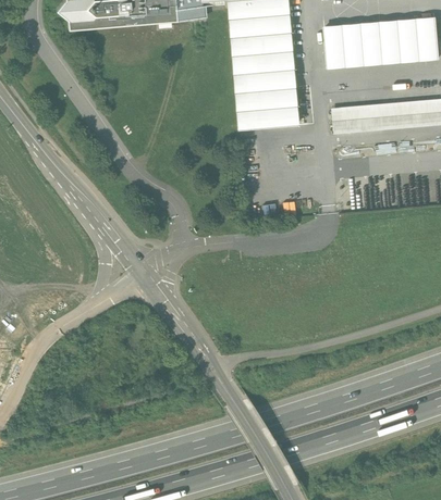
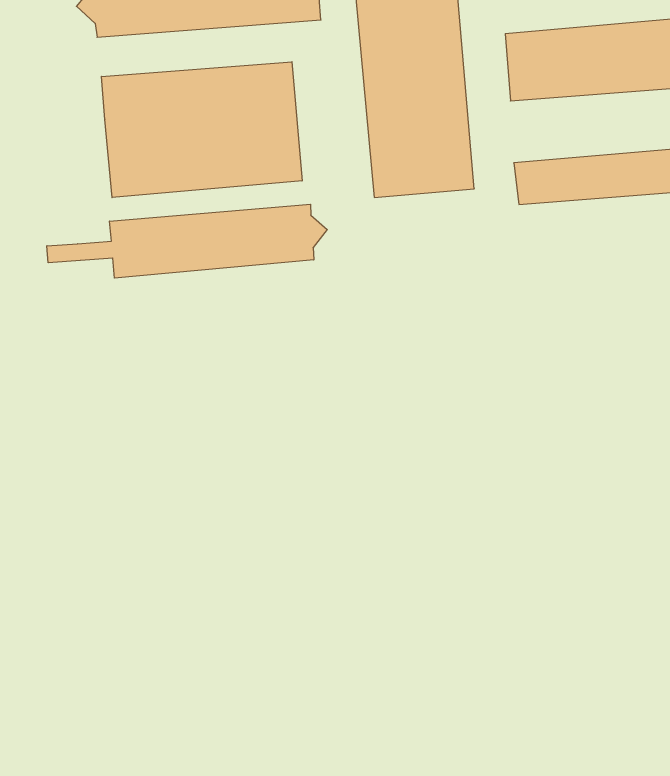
building: none -> [101,62,302,198]
building: none -> [47,204,327,278]

